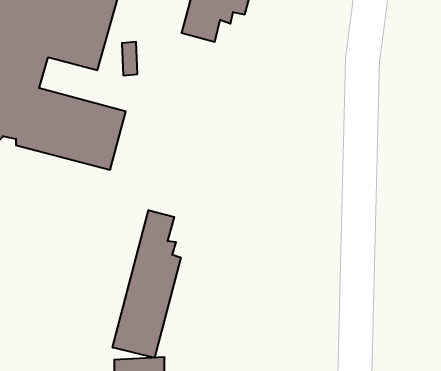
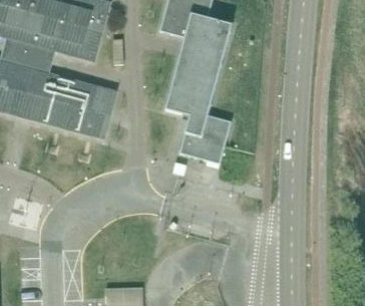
building: none -> [165,15,232,164]
building: [113,210,181,358] -> none

